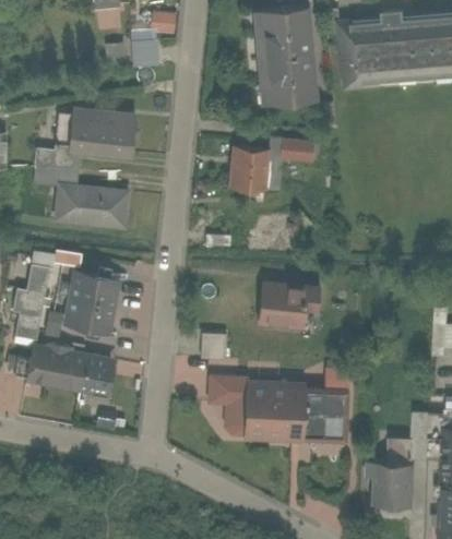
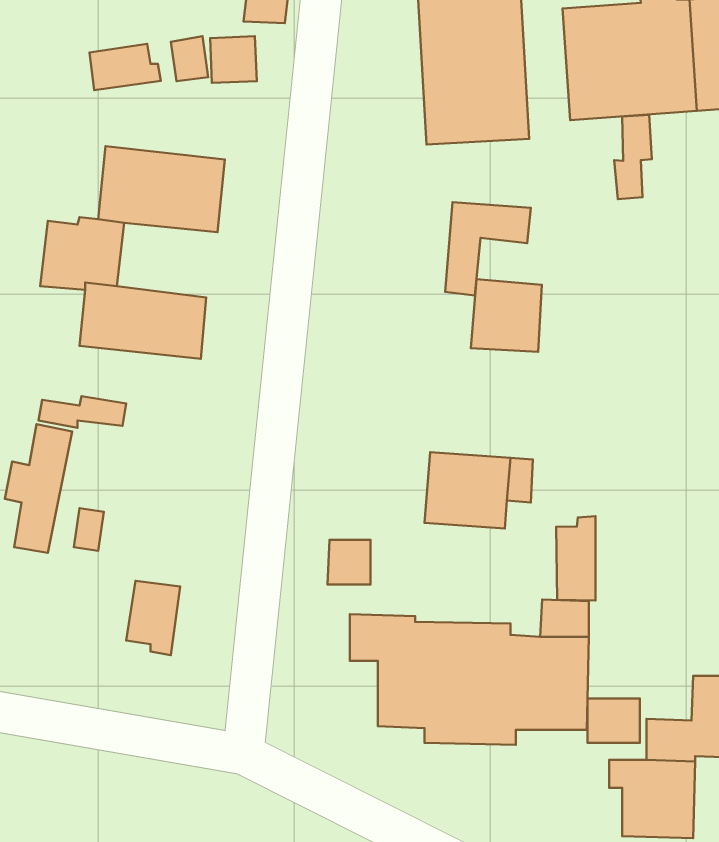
building: none -> [90,44,161,90]
building: none -> [614,115,652,199]
building: [228,145,270,188] -> [471,279,542,352]
building: [69,273,122,333] -> none
building: none -> [556,516,596,601]
building: [24,345,87,392] -> none
building: none -> [588,699,640,743]

